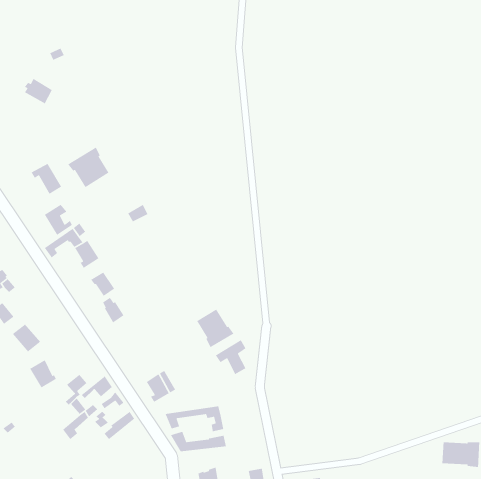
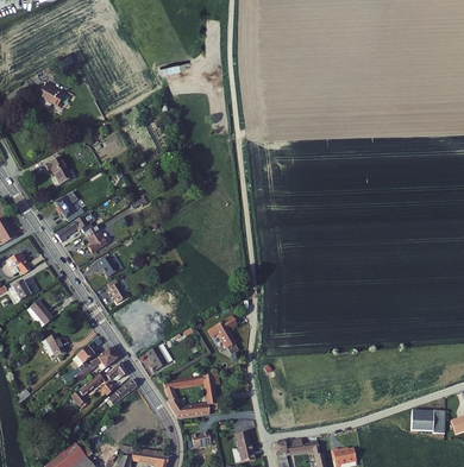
building: [67,146,110,188] -> none
building: [196,308,234,348] -> none

